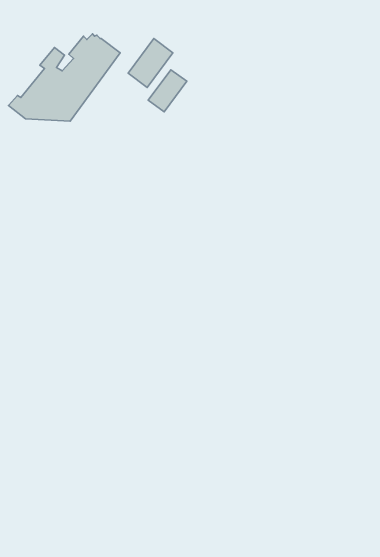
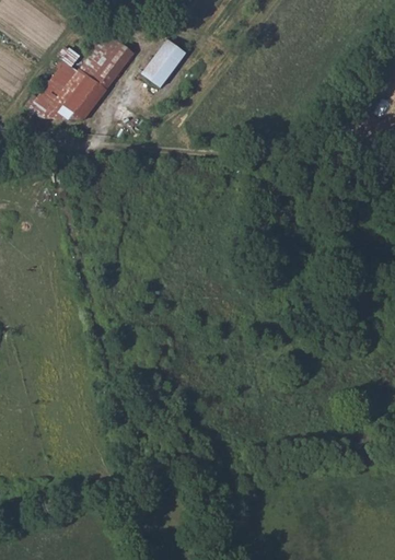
building: [148,70,187,112] -> none

